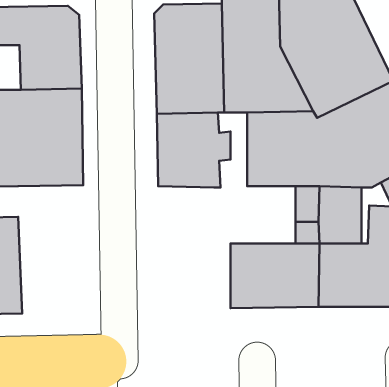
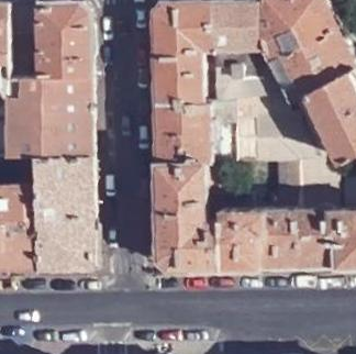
building: none -> [34,162,92,273]
building: none -> [155,163,218,268]

